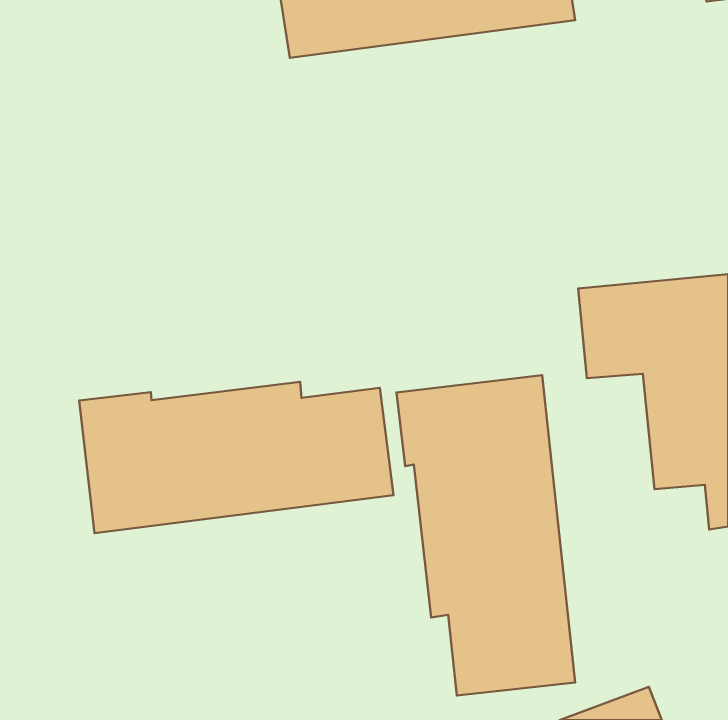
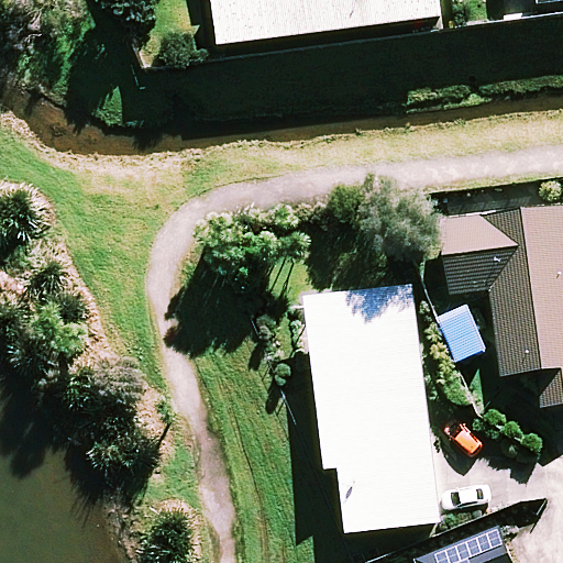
building: [79,382,393,533] -> none

